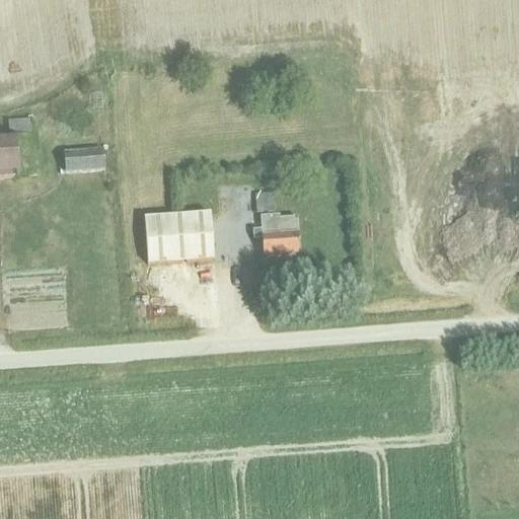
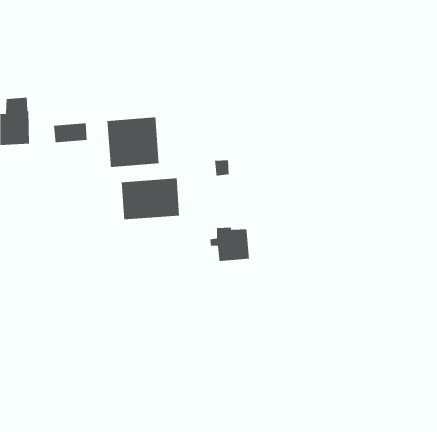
building: none -> [106,116,160,168]
building: [251,211,299,252] -> [209,227,250,262]

